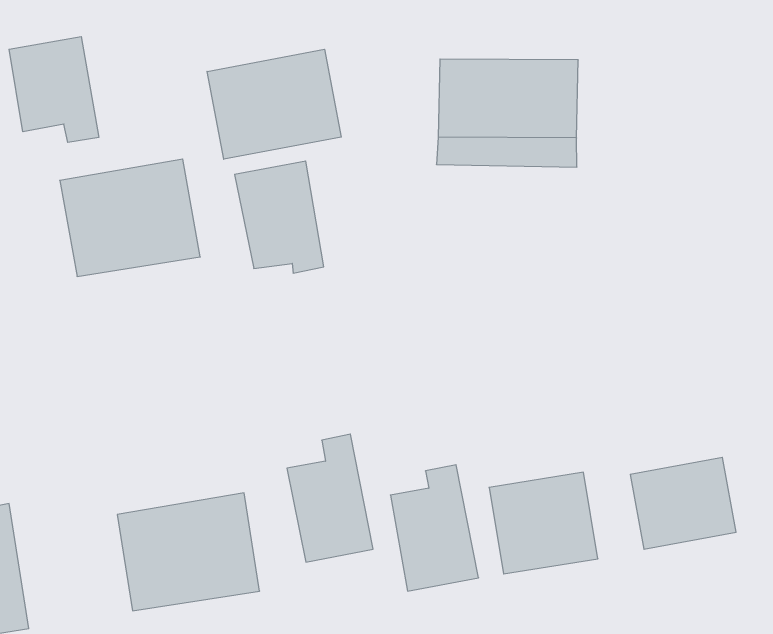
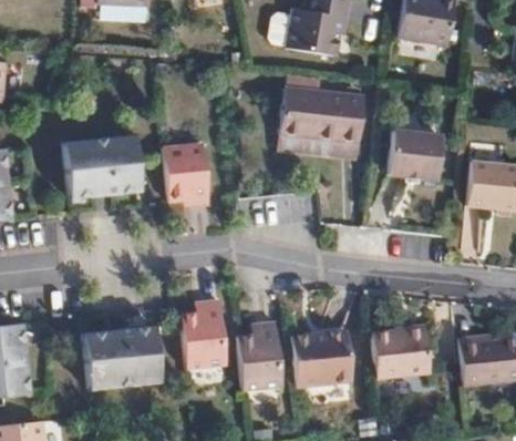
building: [9,37,99,142] -> none
building: [207,49,341,159] -> none
building: none -> [388,129,442,177]

